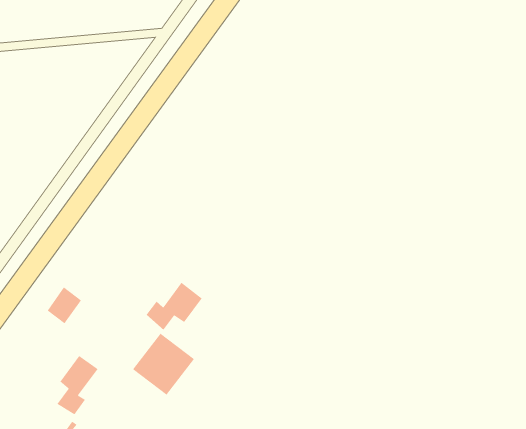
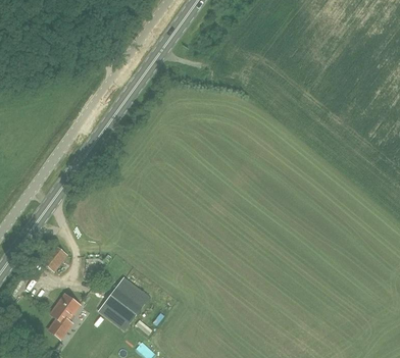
building: [146,282,203,330] -> none

